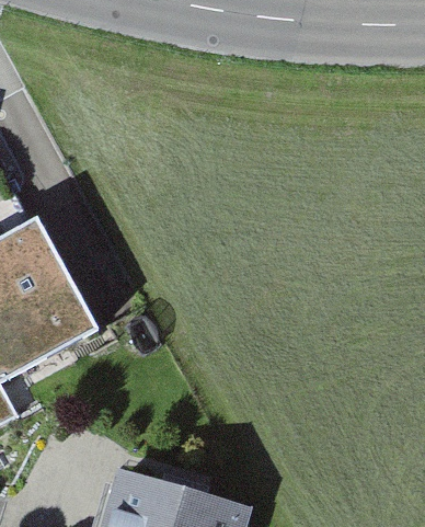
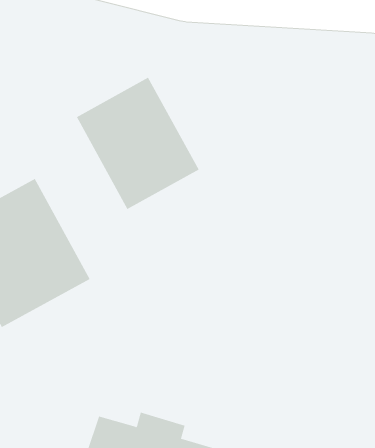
building: none -> [76,77,199,210]

